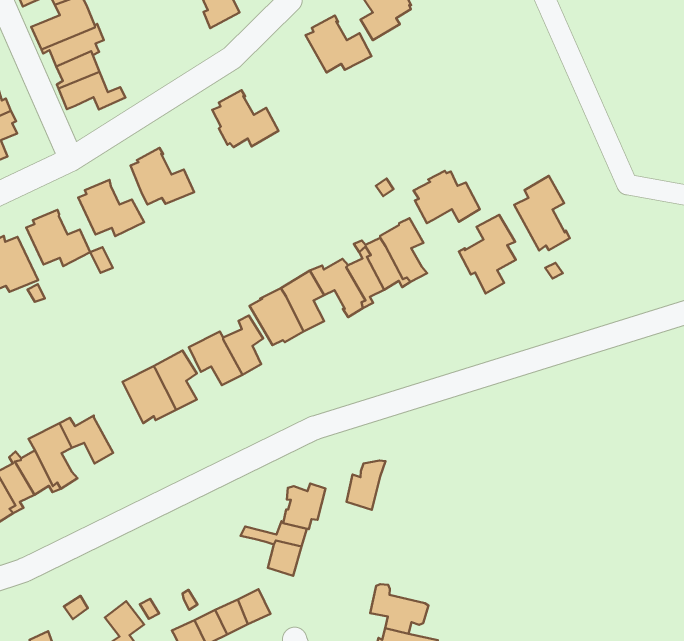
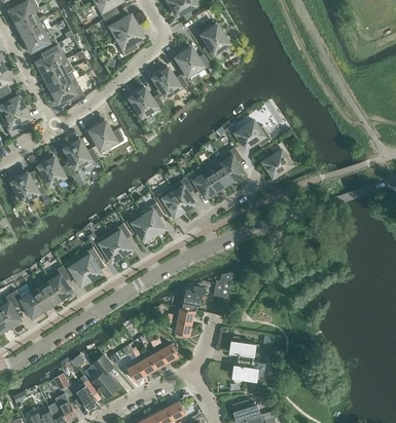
building: none -> [151,65,186,94]
building: [514,176,570,251] -> none
building: none -> [77,247,105,279]

